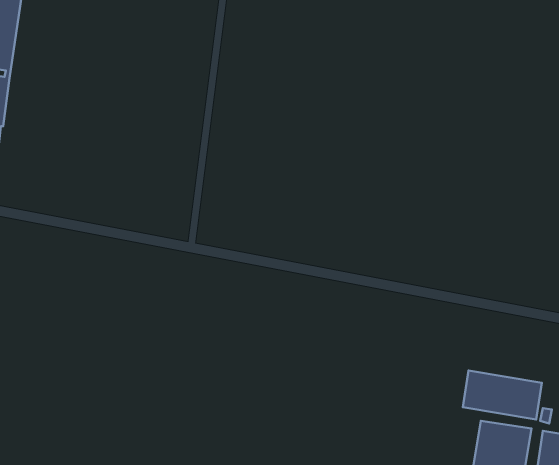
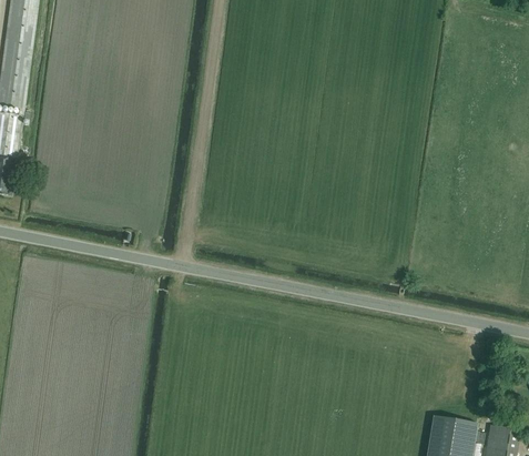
building: [463,371,542,419] -> none

